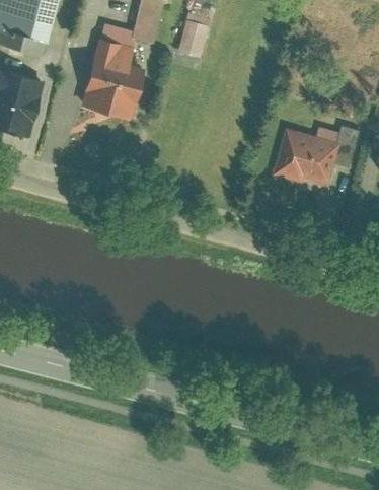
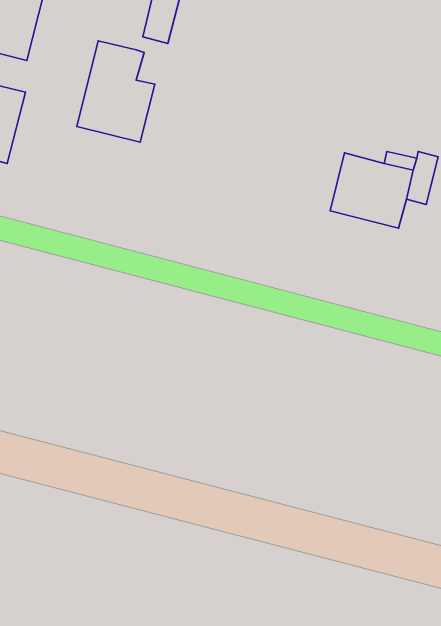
building: [176,20,208,57] -> none
building: [98,23,132,47] -> none

